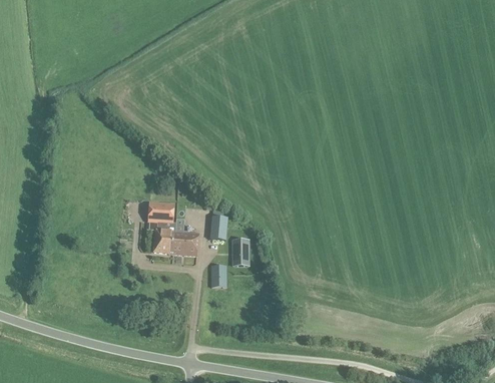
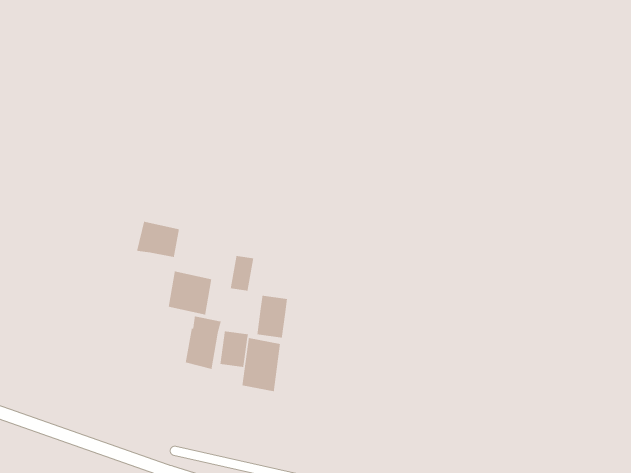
building: [155,222,175,255] -> [185,316,222,370]
building: none -> [242,337,281,392]

